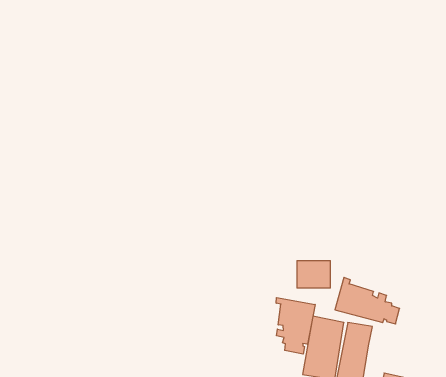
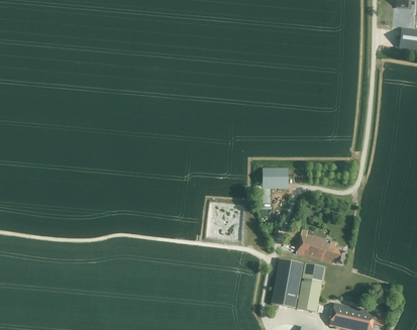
building: [297,261,330,288] -> [262,168,288,189]
building: [276,298,315,354] -> none

